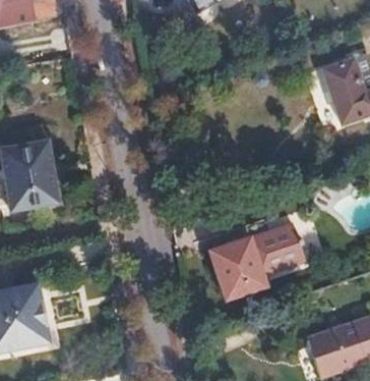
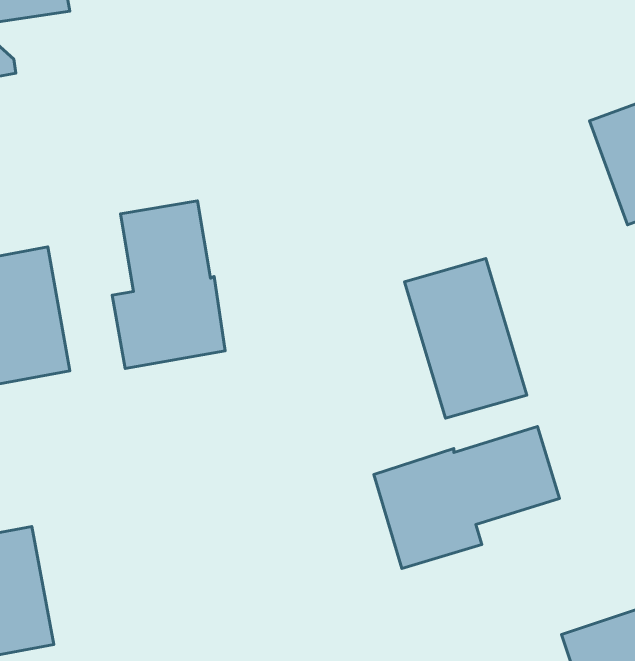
building: none -> [112,201,225,369]
building: none -> [405,259,527,418]

